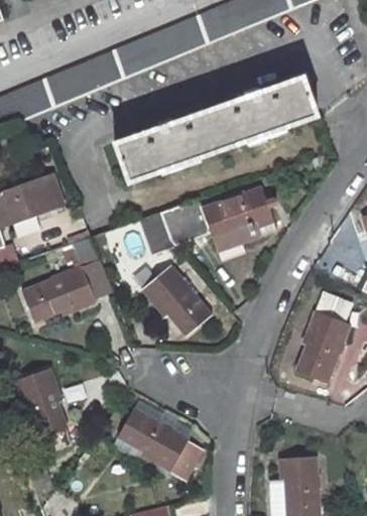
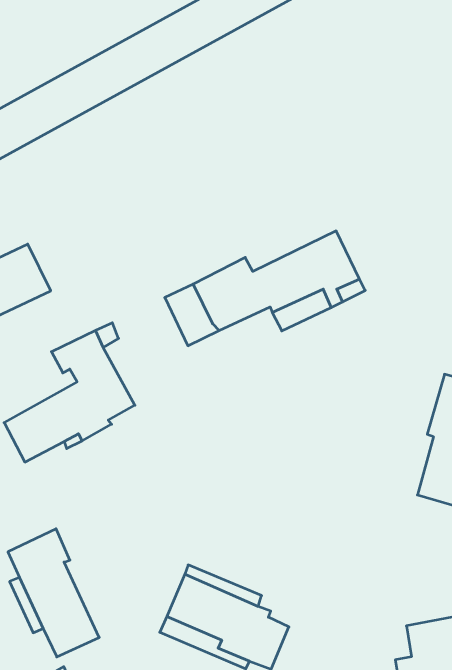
building: [115,75,319,181] -> none
building: [143,264,212,333] -> none

